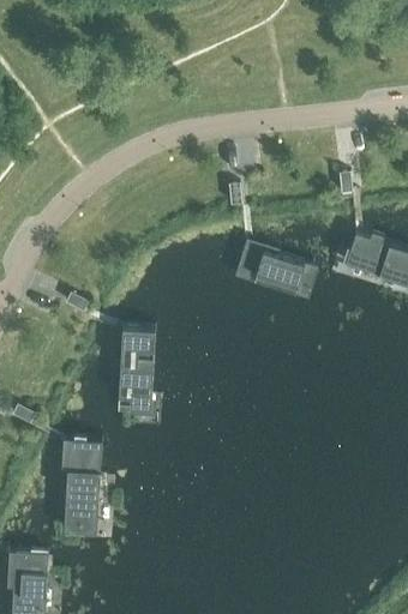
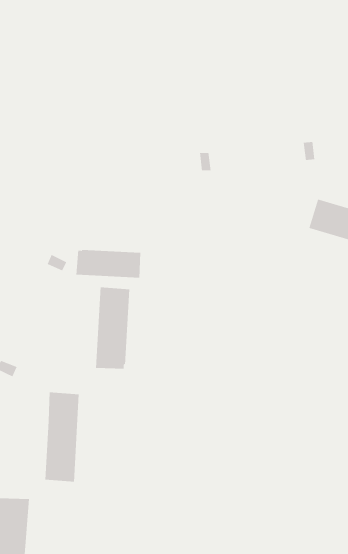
building: [234,245,318,299] -> none
building: none -> [76,249,141,279]

